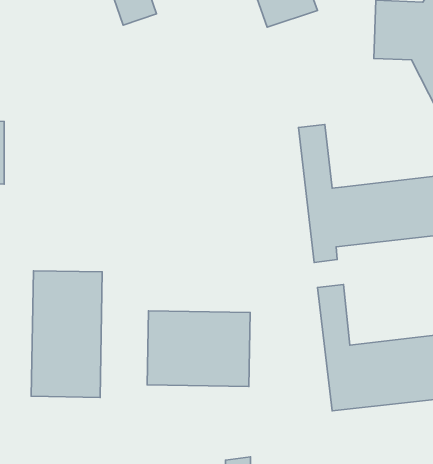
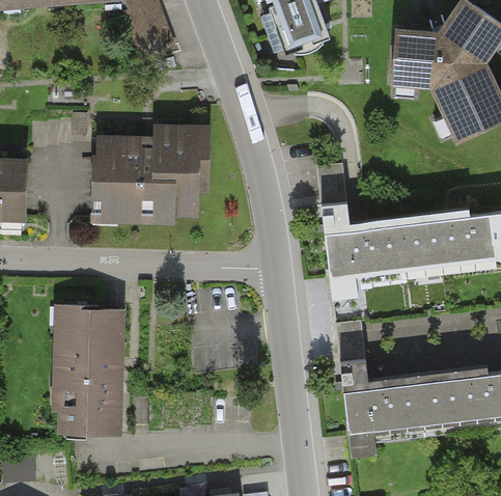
building: none -> [94,133,211,221]
building: [147,311,250,386] -> none

